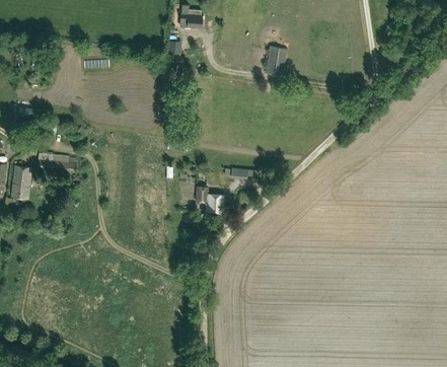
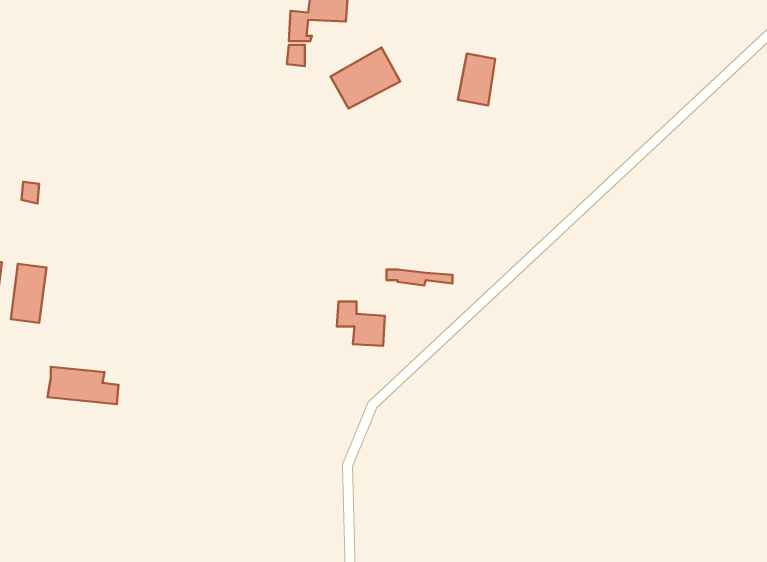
building: none -> [331,48,400,108]
building: [36,152,77,173] -> [47,367,119,404]

